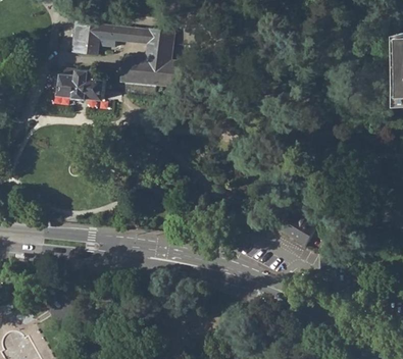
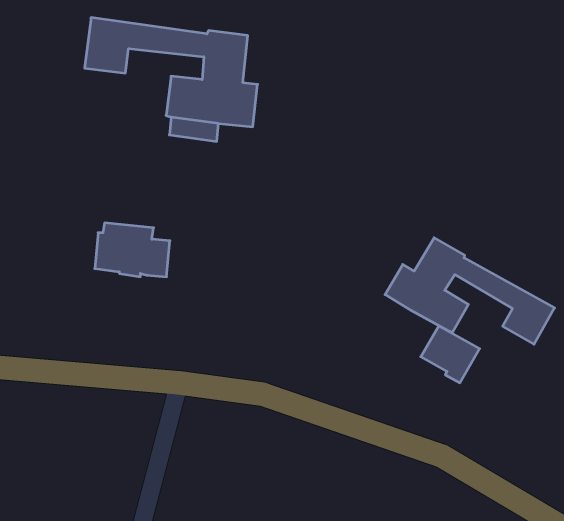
building: [53,67,100,101] -> [95,223,170,277]
building: none -> [385,238,555,344]

